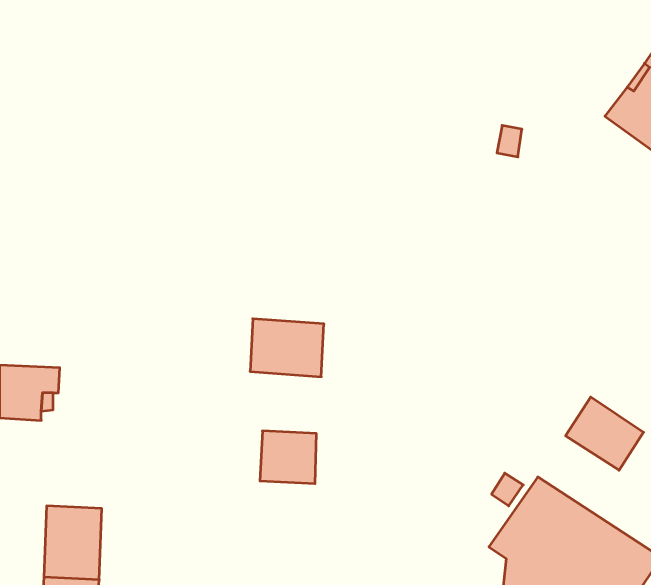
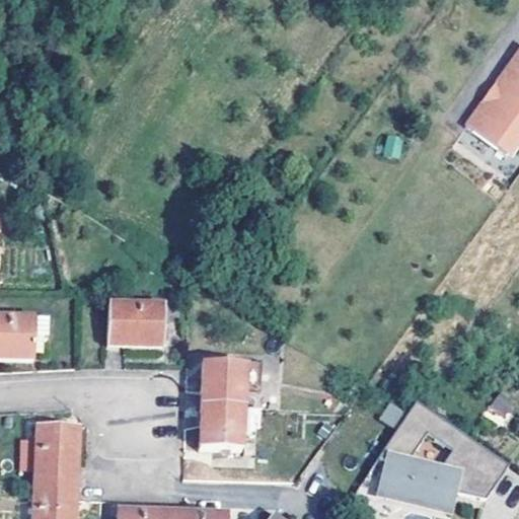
building: [250,319,324,377] -> [106,301,163,346]
building: [566,397,644,470] -> none
building: none -> [200,405,243,450]

